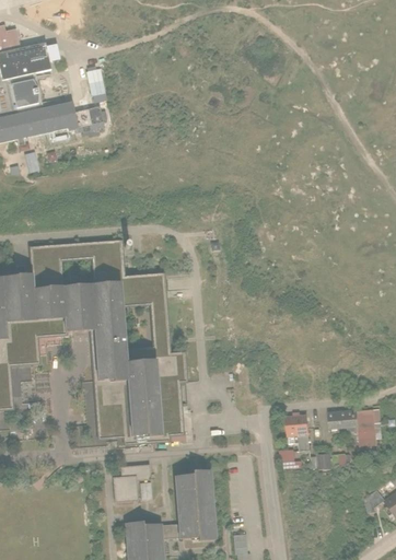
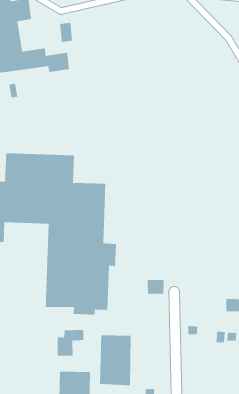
building: [287,416,311,436] -> [147,280,164,294]

